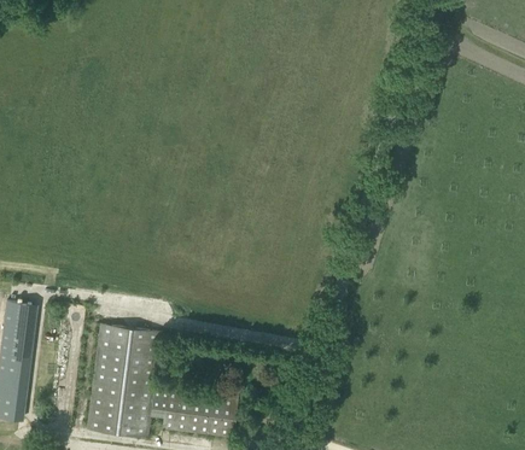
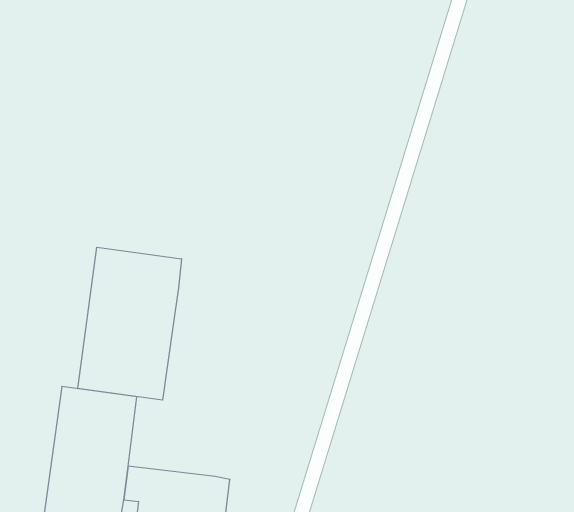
building: none -> [78,247,182,400]

